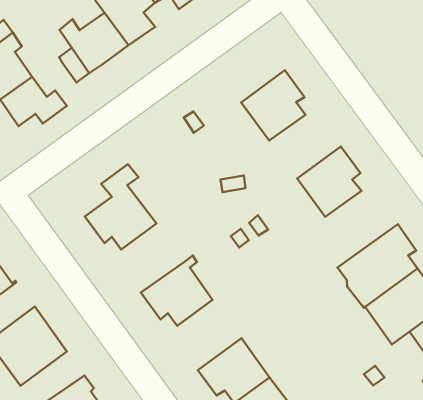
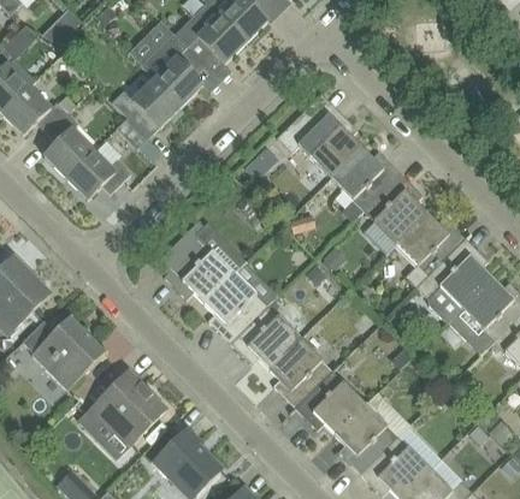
building: none -> [331,147,401,209]
building: none -> [396,212,467,289]
building: none -> [205,273,267,341]
building: none -> [270,338,333,408]

